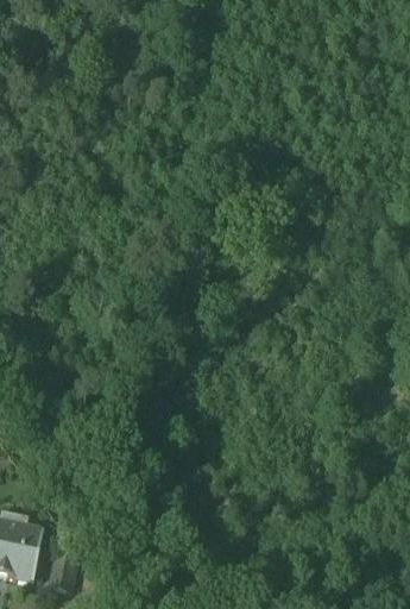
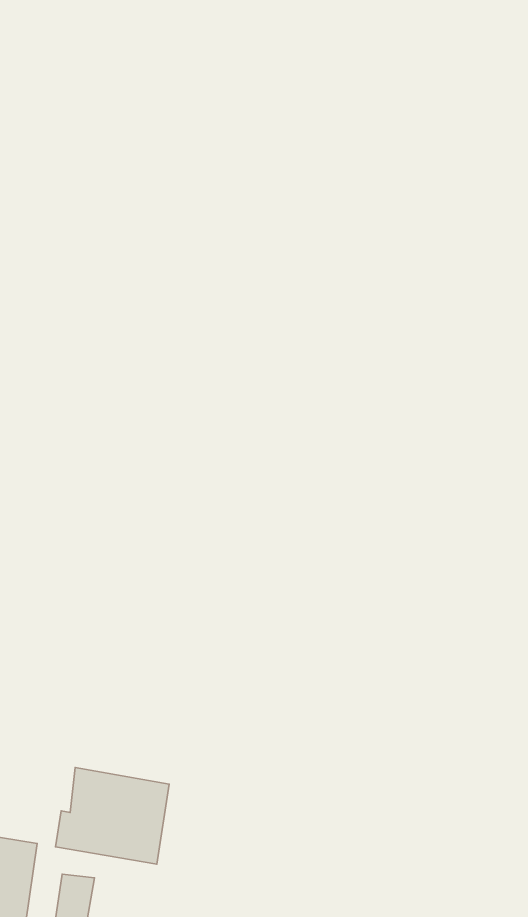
building: none -> [56,767,169,864]

